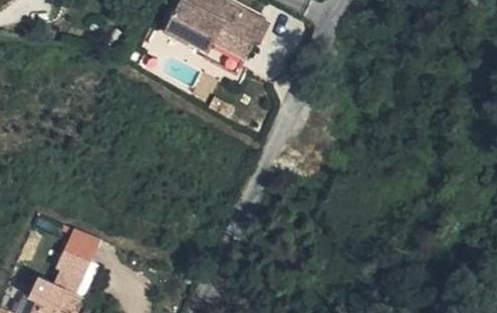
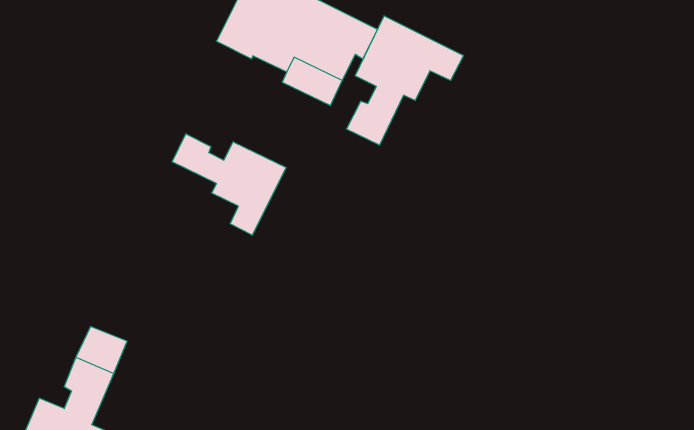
building: none -> [346,16,463,145]
building: none -> [172,134,286,235]

